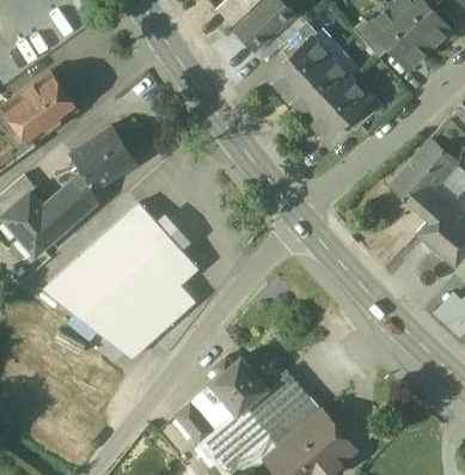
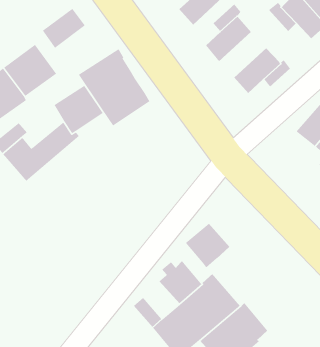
building: none -> [42,8,86,49]
building: [288,57,350,117] -> none
building: none -> [78,48,151,127]
building: [44,203,198,359] -> none
building: none -> [185,223,230,268]

